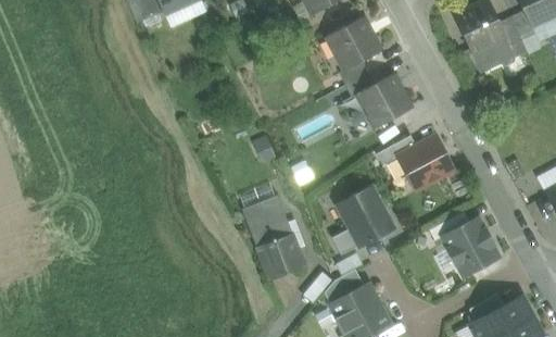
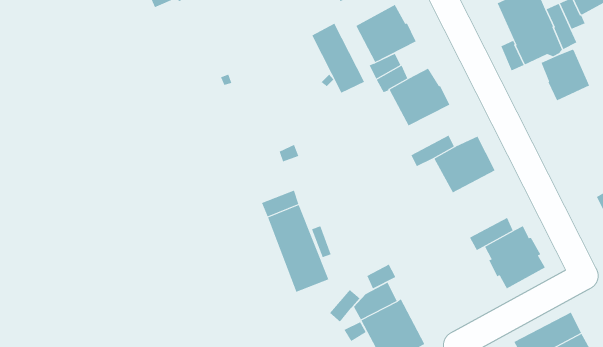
building: none -> [312,23,365,94]
building: none -> [541,49,590,101]
building: [339,187,393,247] -> none

